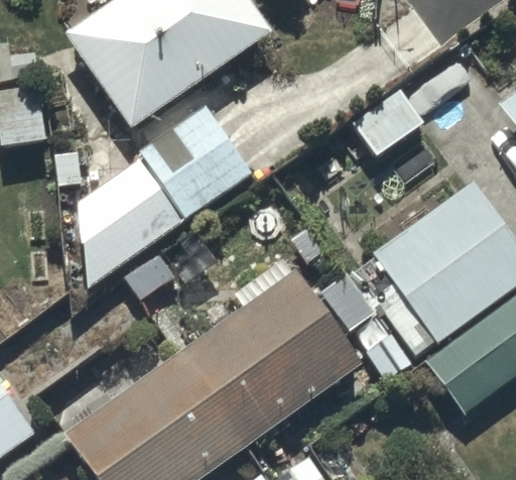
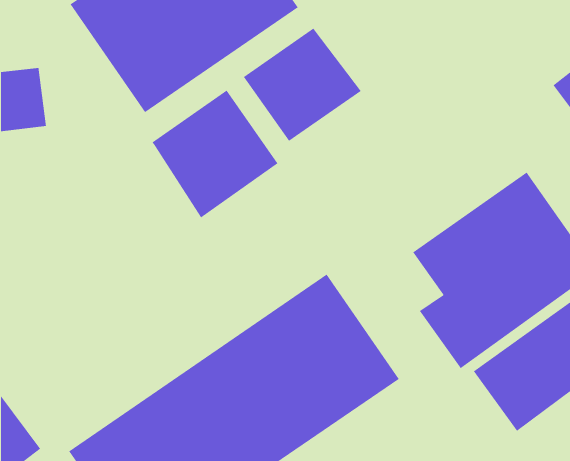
building: none -> [243,27,362,142]
building: [79,156,182,287] -> none

